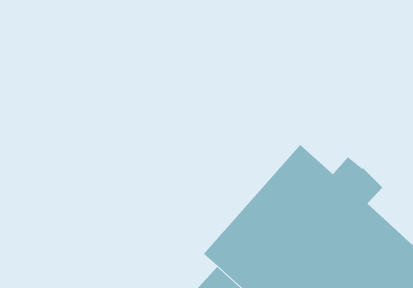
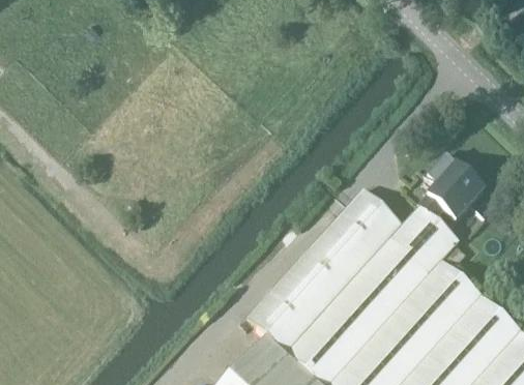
building: none -> [421,154,485,221]

